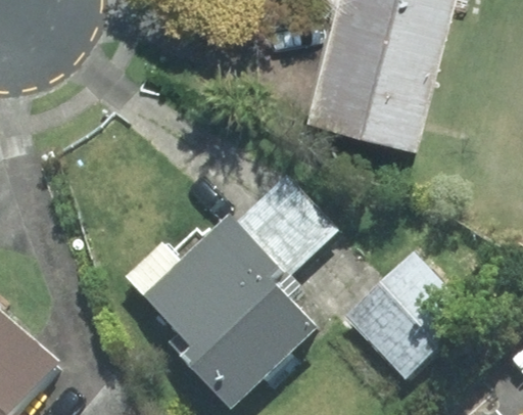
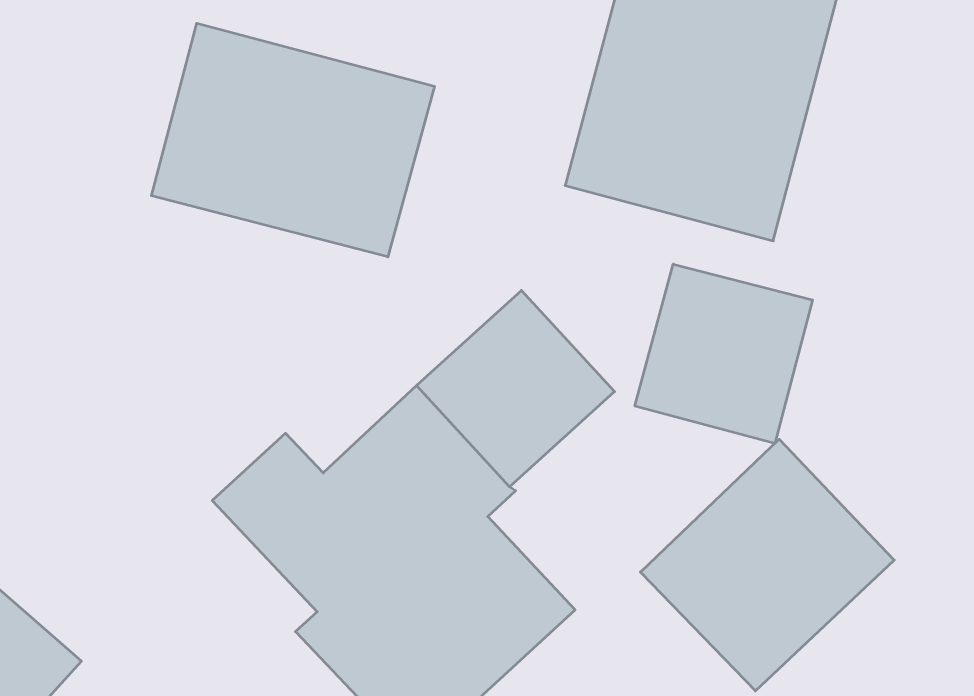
building: none -> [151,23,434,257]
building: none -> [635,264,813,443]

